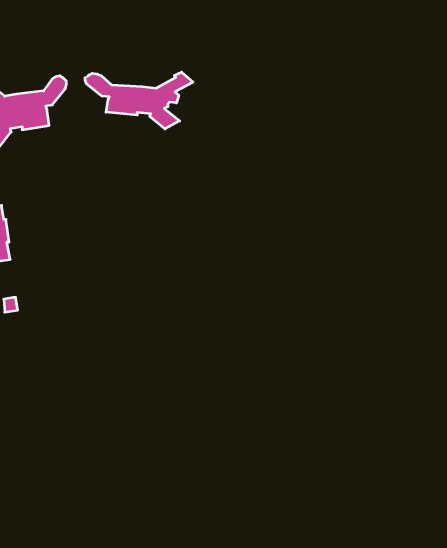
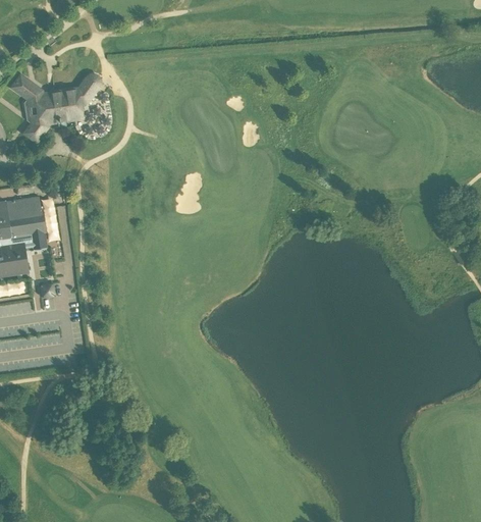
building: [85,72,193,129] -> none

